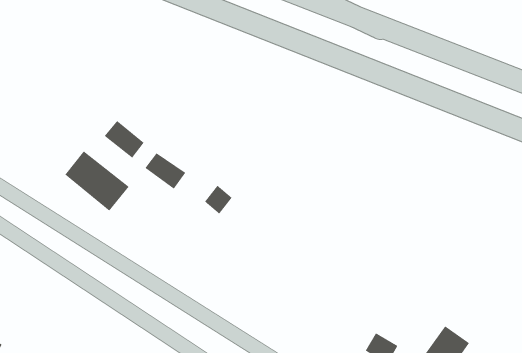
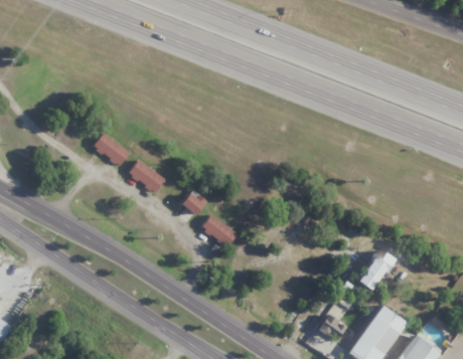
building: [64,150,130,211] -> none
building: none -> [204,216,239,247]
building: none -> [357,248,393,290]

